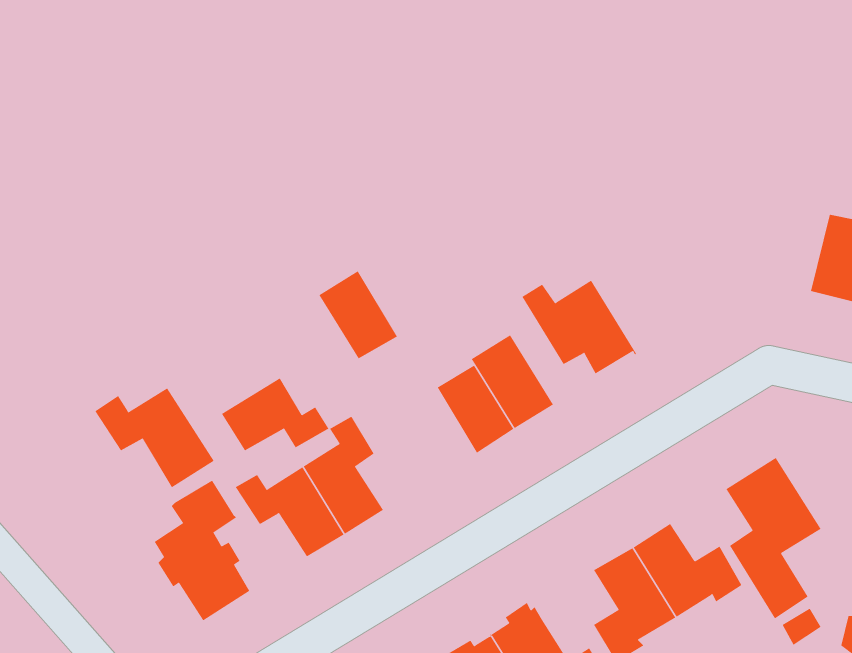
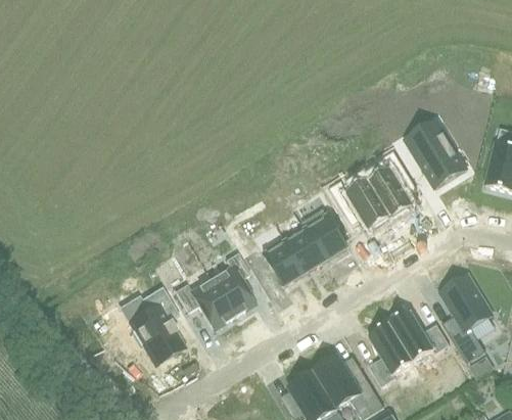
building: none -> [405,119,466,186]
building: none -> [367,149,416,218]
building: [318,271,398,359] -> [262,236,305,284]
building: [221,378,329,451] -> none
building: [95,388,214,488] -> none

